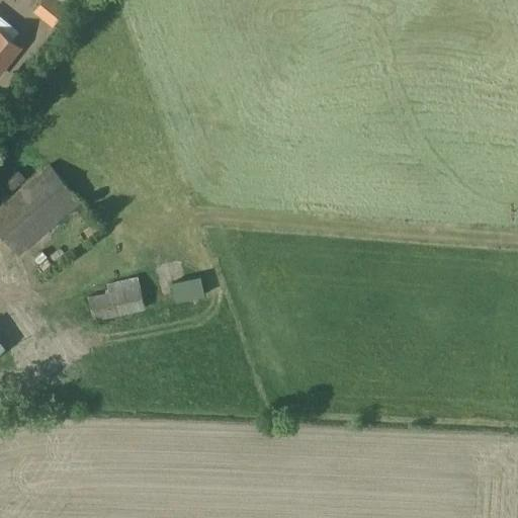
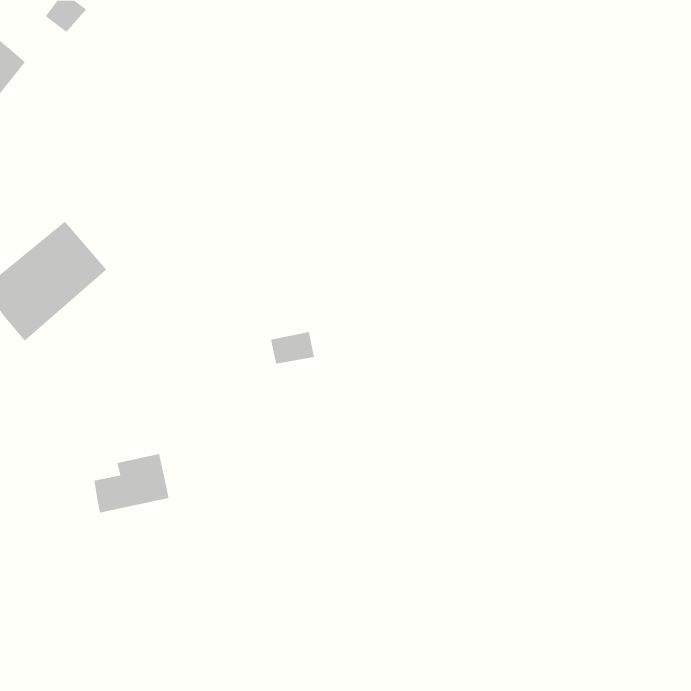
building: [88,277,145,322] -> [94,453,169,513]
building: [171,277,204,301] -> [270,331,315,364]

